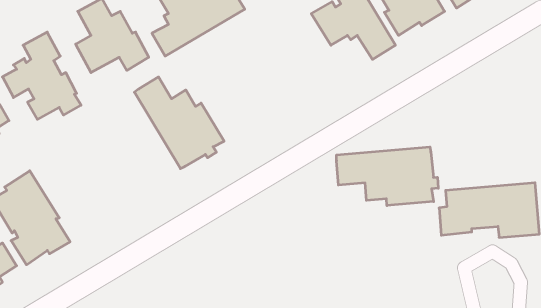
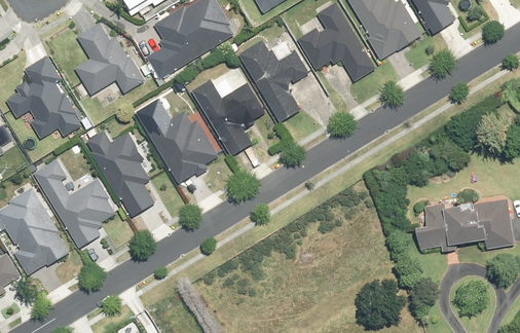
building: none -> [239,39,308,123]
building: none -> [186,79,259,158]
building: none -> [87,132,155,217]
building: none -> [34,159,115,250]
building: [337,147,438,206] -> none

